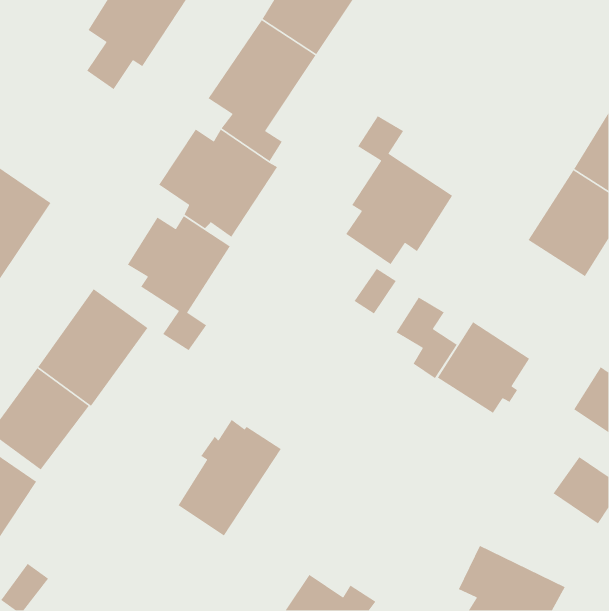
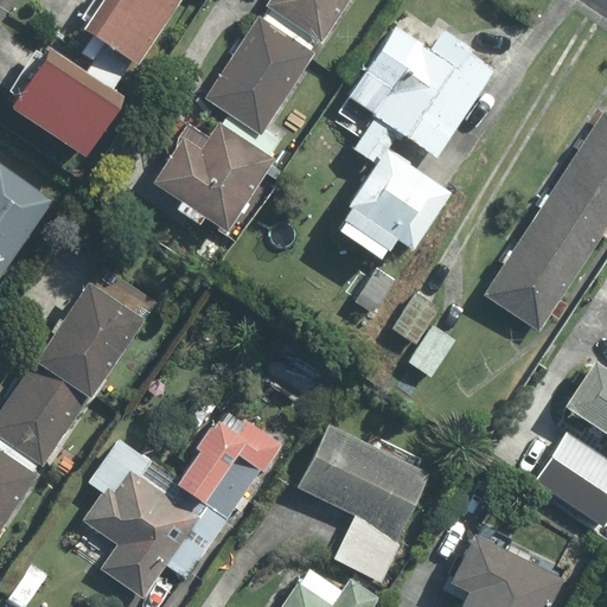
building: none -> [346,25,492,154]
building: none -> [9,49,128,159]
building: [127,215,231,351] -> none
building: [437,321,530,414] -> [486,237,579,328]
building: none -> [299,428,423,583]
building: none -> [85,440,222,594]

